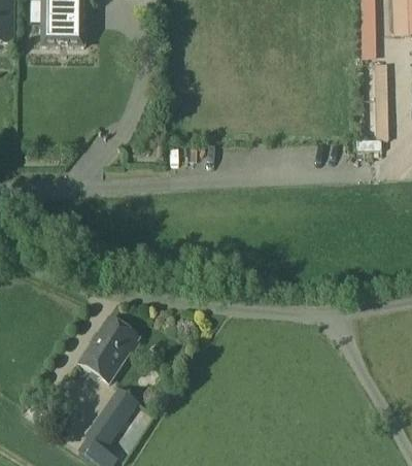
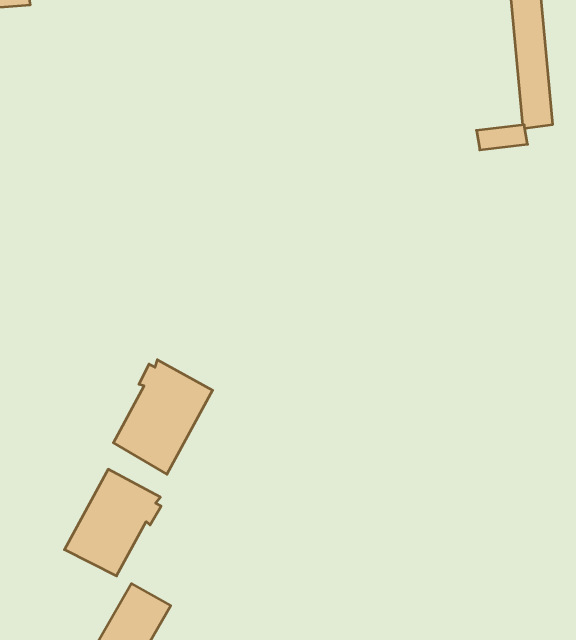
building: none -> [113,360,213,474]

